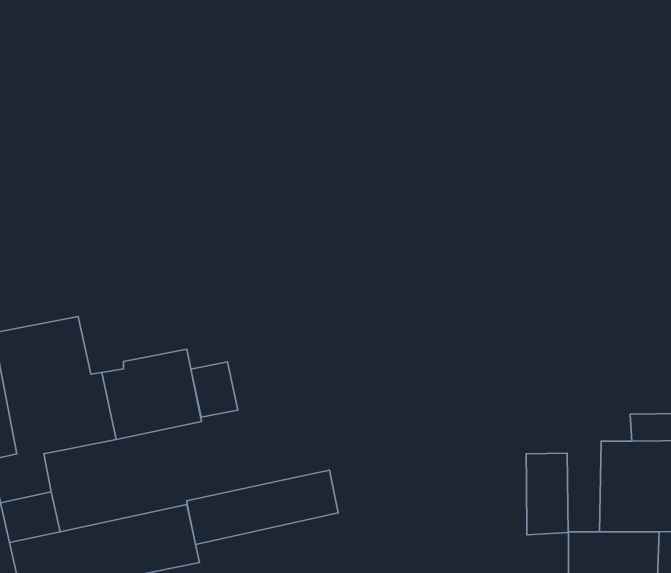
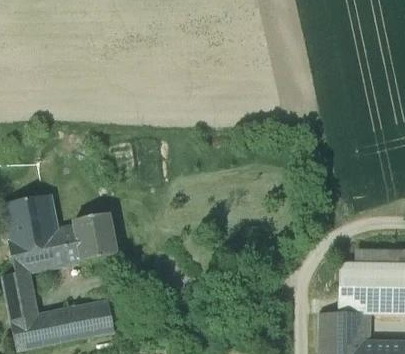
building: [191,362,238,417] -> none
building: [526,453,568,535] -> none
building: [186,470,338,545] -> none

